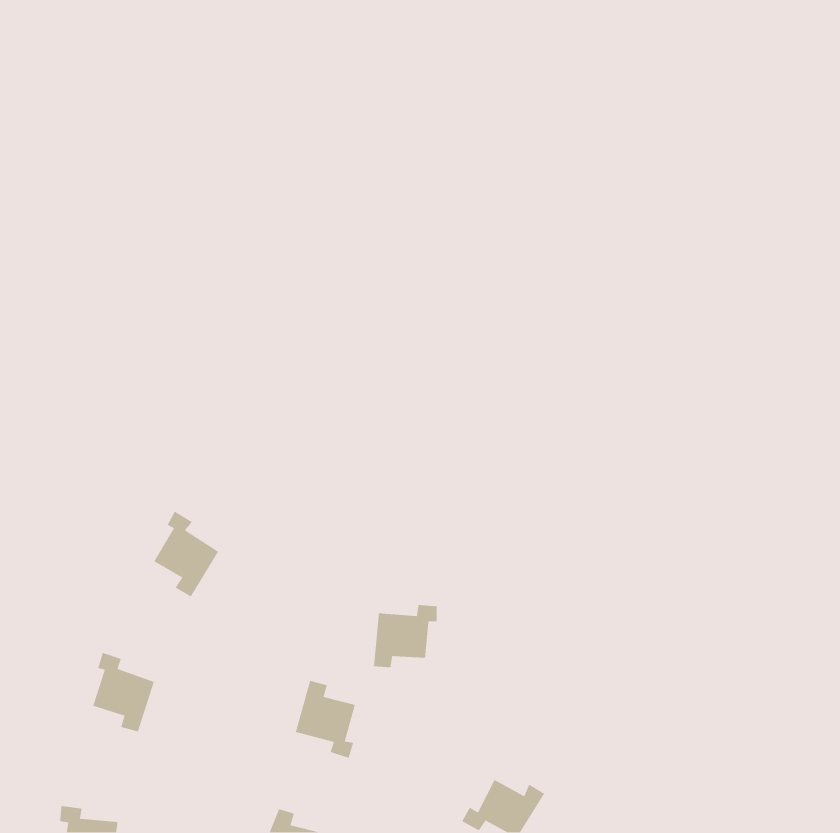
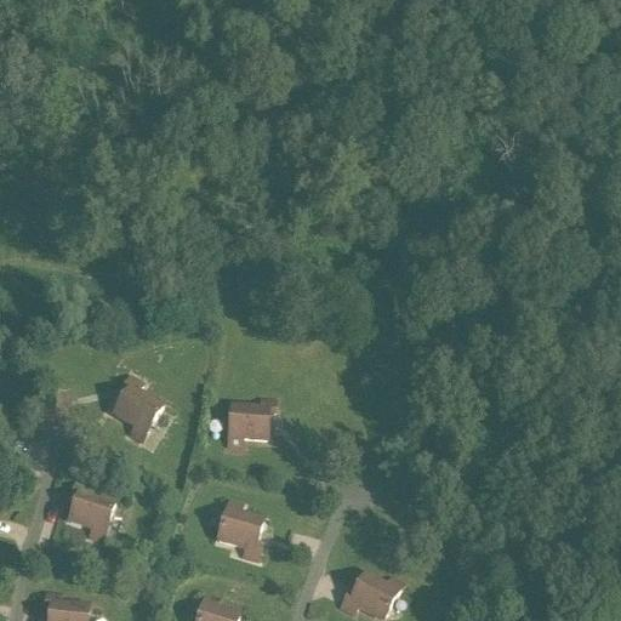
building: [373,604,437,668] -> [227,399,274,446]

